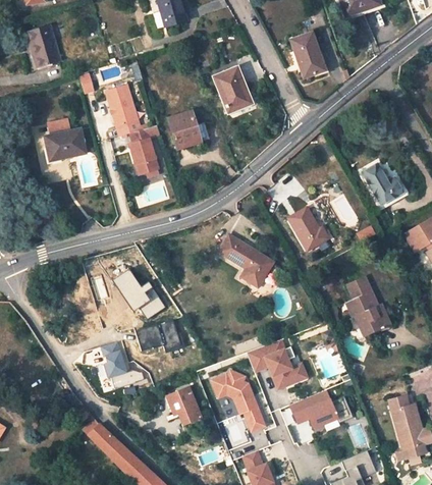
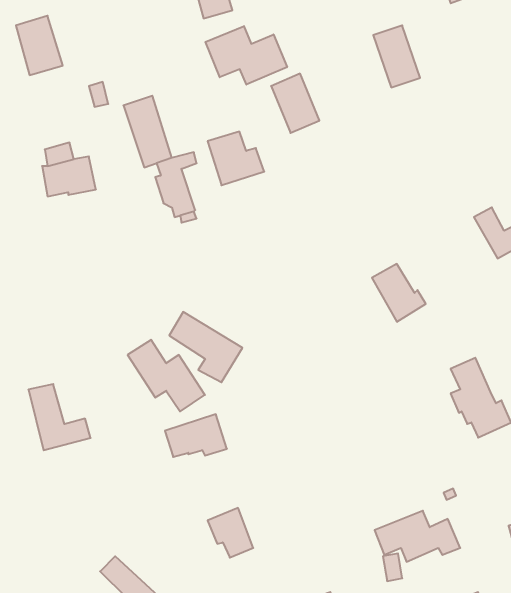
building: none -> [205,26,287,85]
building: [219,235,273,287] -> [169,312,242,382]
building: [103,341,149,390] -> [28,384,91,450]
building: [248,341,313,386] -> none
building: [212,370,266,431] -> none

